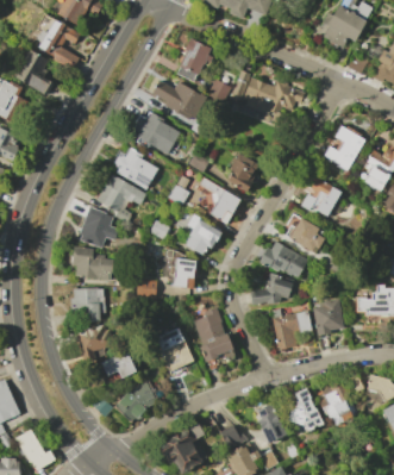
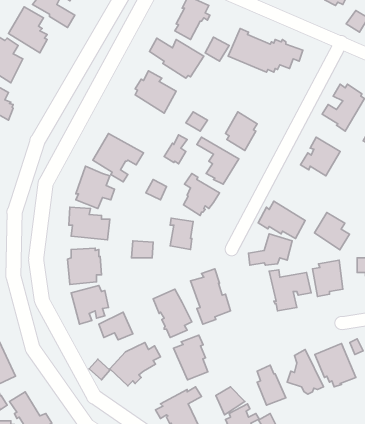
building: [113,148,157,188] -> none
building: [289,217,324,254] -> [315,212,350,250]
building: none -> [174,335,208,380]

